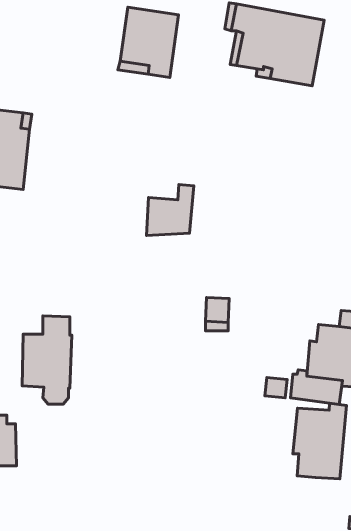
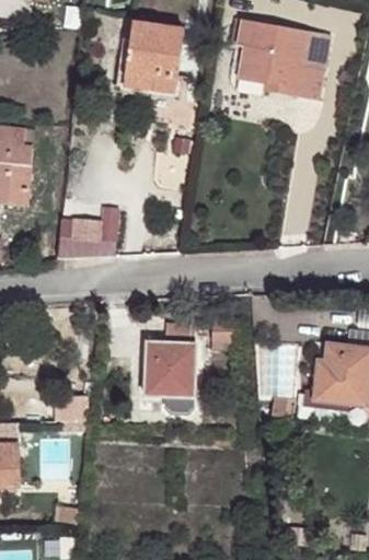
building: [146,185,194,235] -> [70,207,118,258]
building: [22,316,72,404] -> [145,323,195,412]
building: [293,403,347,479] -> none

